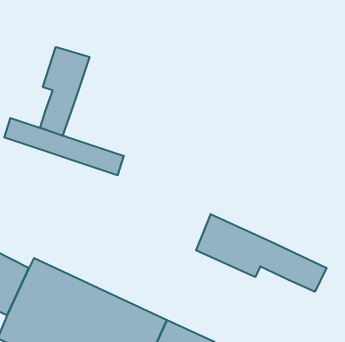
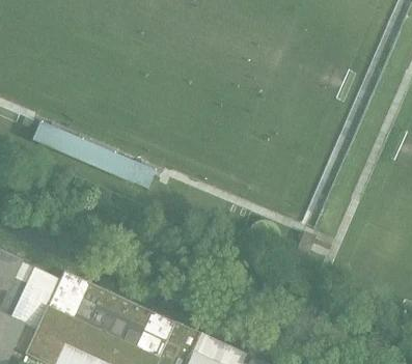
building: [40,47,89,136] -> none
building: [196,214,326,292] -> none

